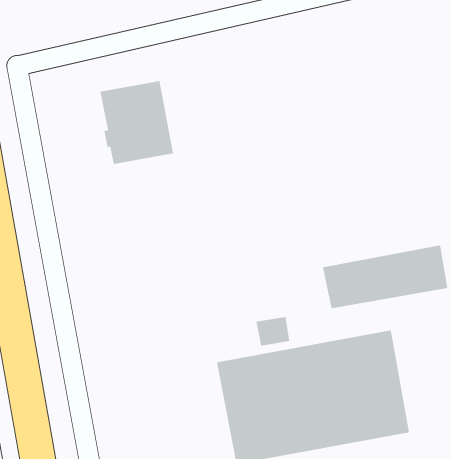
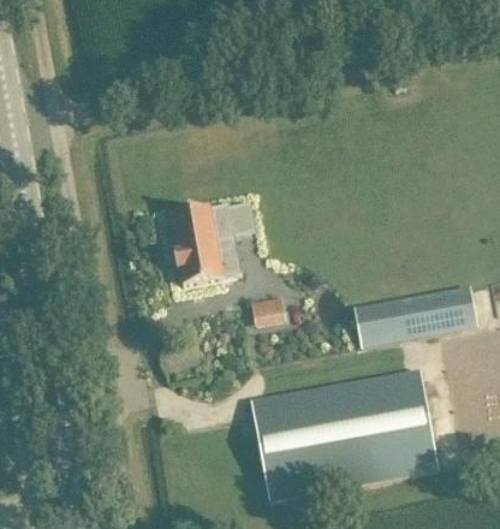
building: [100,81,174,164] -> [168,203,240,285]
building: [255,317,290,346] -> [251,297,285,326]

